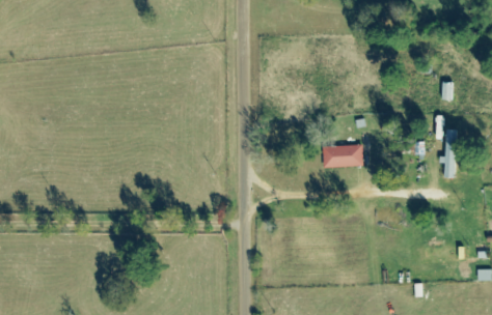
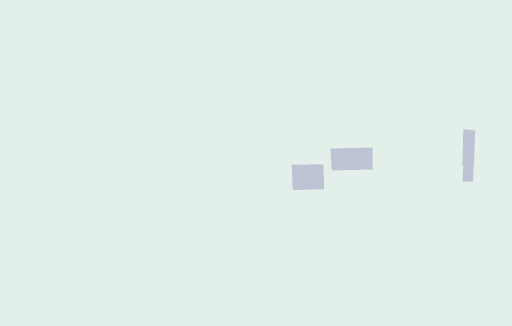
building: none -> [291,163,325,191]

